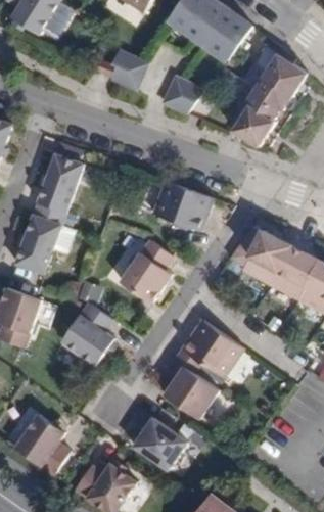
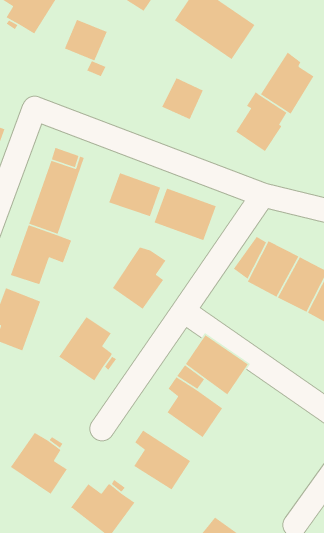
building: [104,50,146,91] -> [64,19,108,62]
building: none -> [108,172,161,217]

